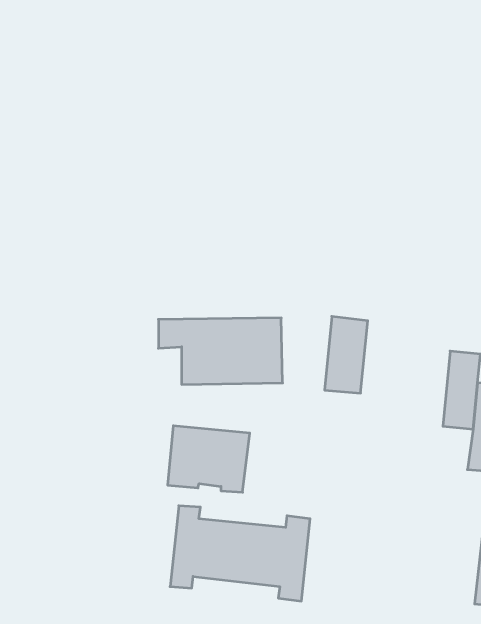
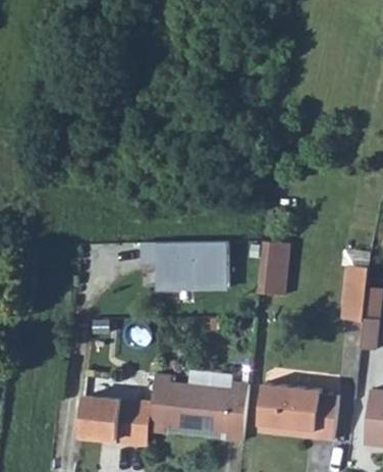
building: [168,426,250,492] -> [78,397,136,443]
building: none -> [258,384,338,440]

